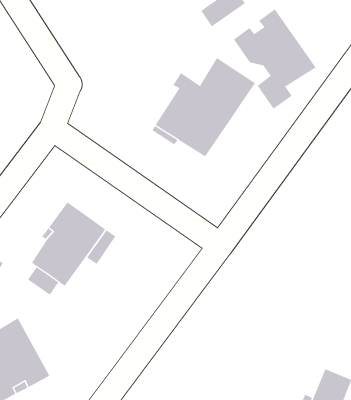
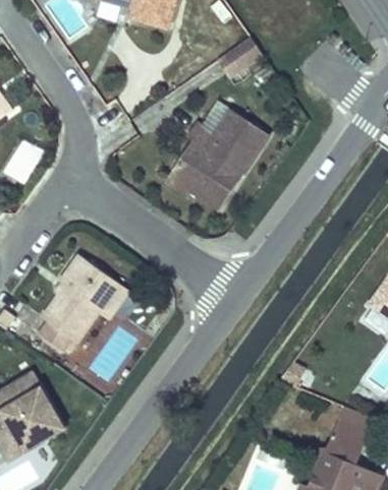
building: [233,9,317,109] -> none

